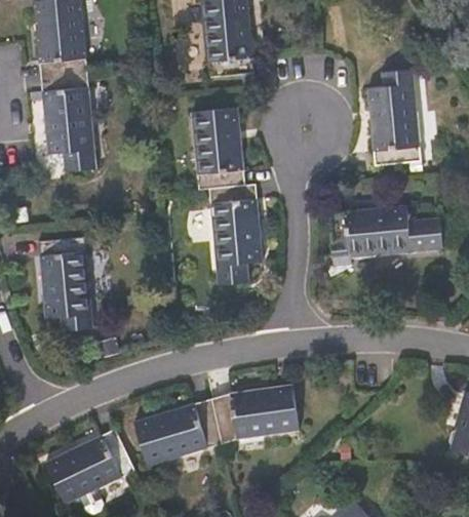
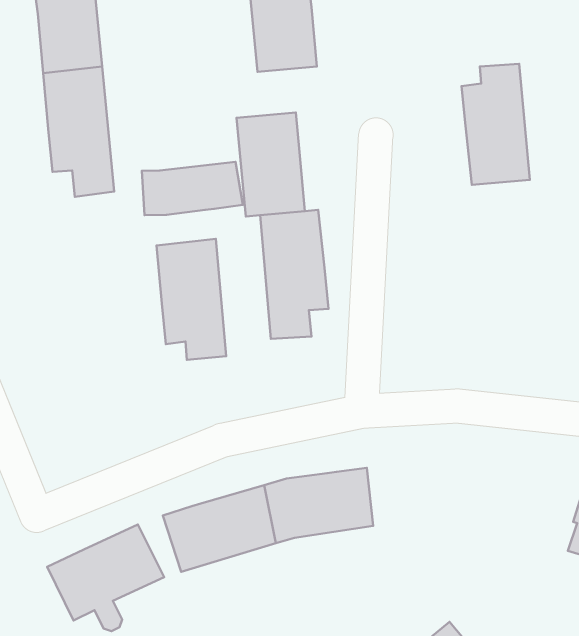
building: none -> [142,162,243,215]
building: [325,205,442,276] -> none
building: [38,237,92,331] -> [157,239,226,360]

